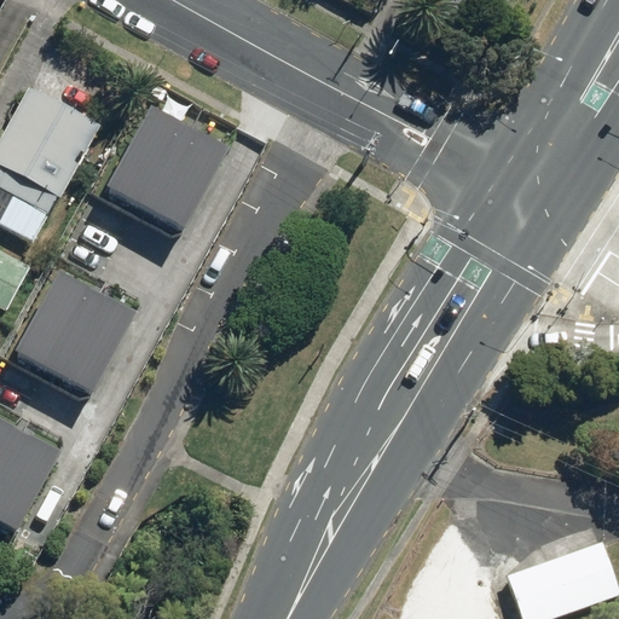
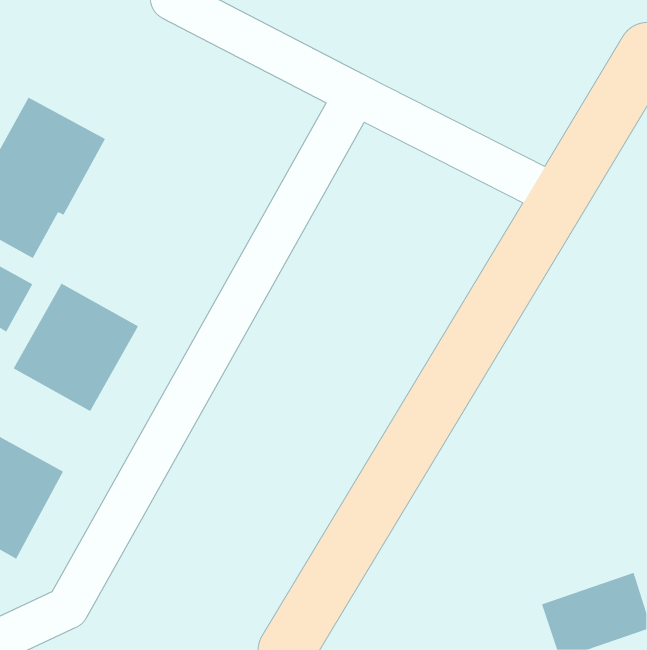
building: [104,105,224,227] -> none

